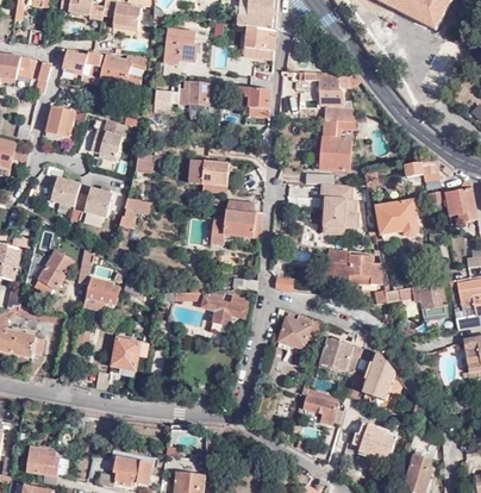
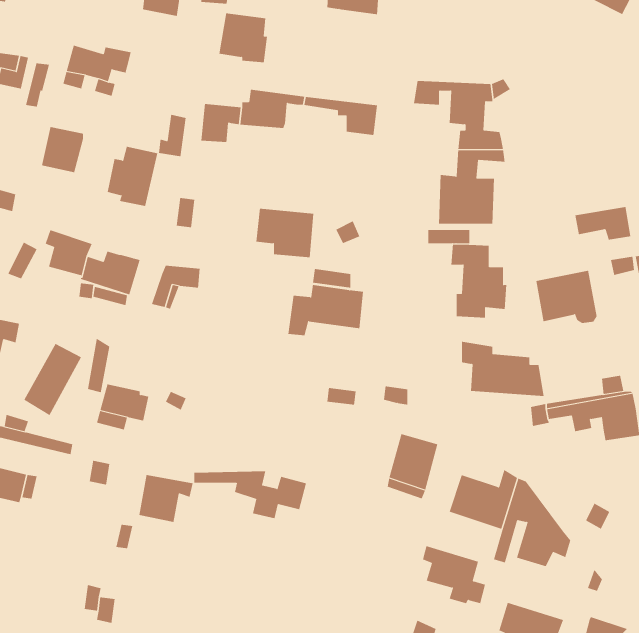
building: [243,26,275,60] -> none
building: [100,55,148,88] -> none
building: [174,293,250,325] -> [194,471,307,519]

